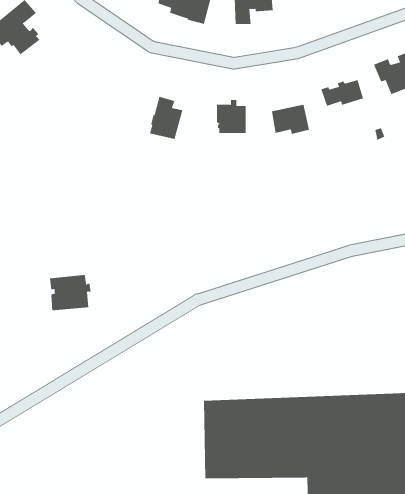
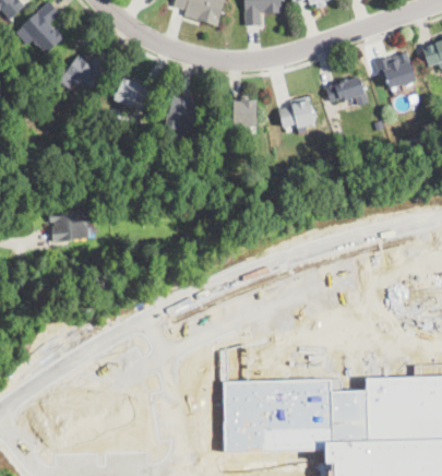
building: none -> [61,58,109,94]
building: none -> [116,80,152,114]
building: [49,275,91,311] -> [51,211,91,245]

